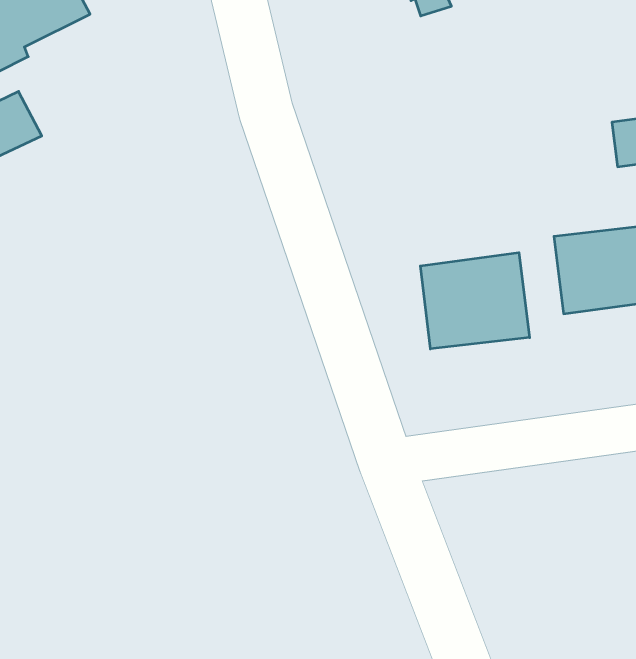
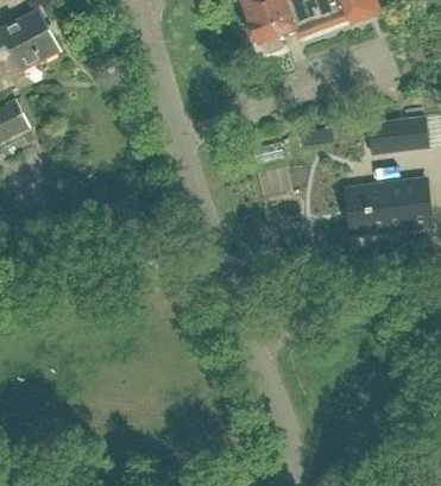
building: [420,253,530,349] -> none

